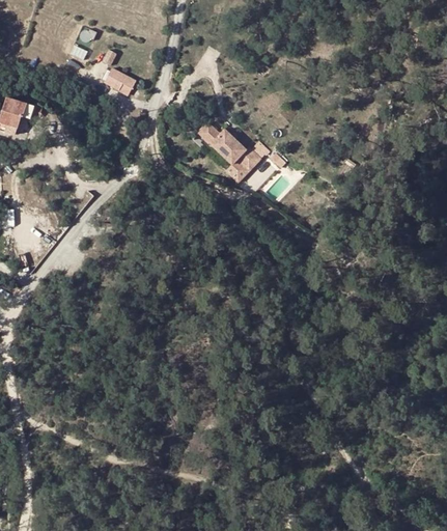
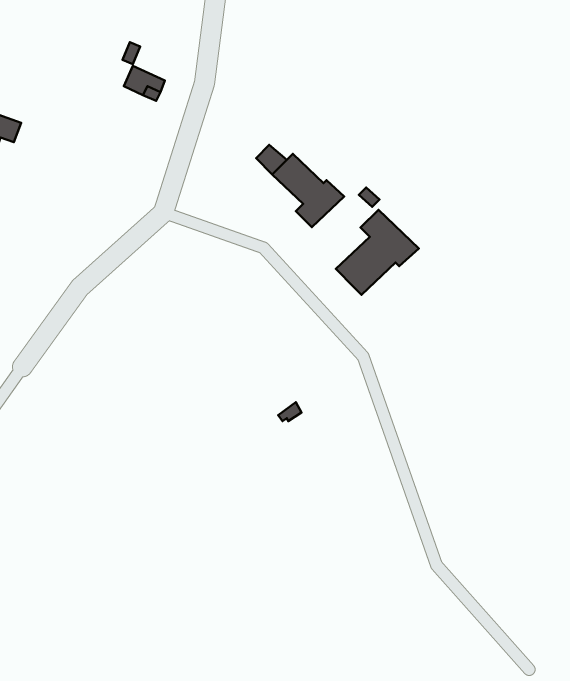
building: none -> [336,210,419,295]

